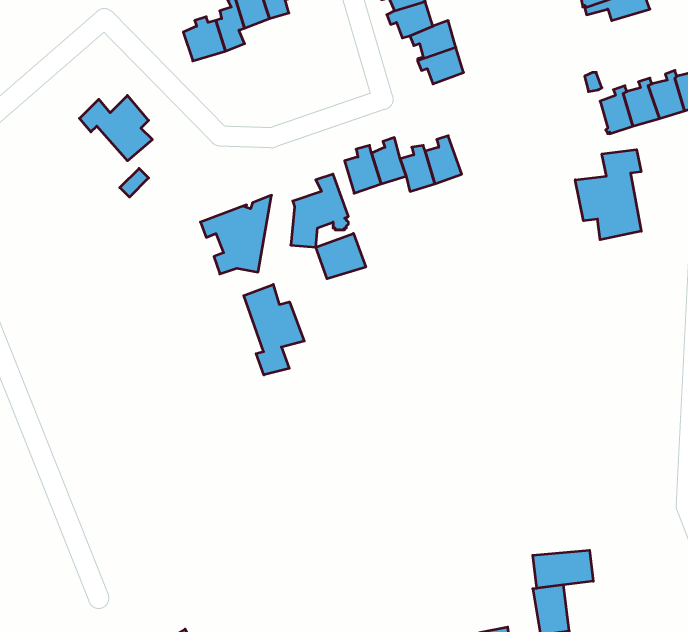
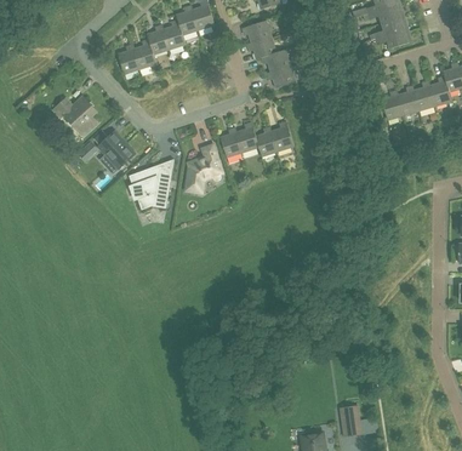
building: [575,150,641,240] -> none
building: none -> [97,130,135,167]
building: [316,233,366,279] -> none
building: [244,284,304,375] -> none
building: [533,550,593,588] -> none

